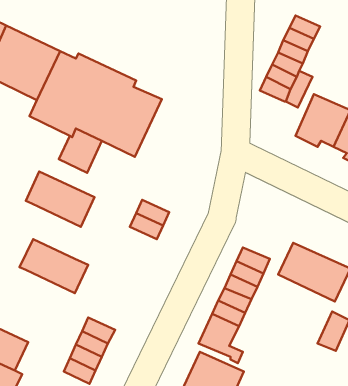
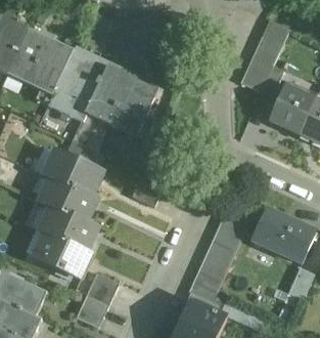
building: none -> [39,176,96,222]
building: none -> [33,231,91,278]

